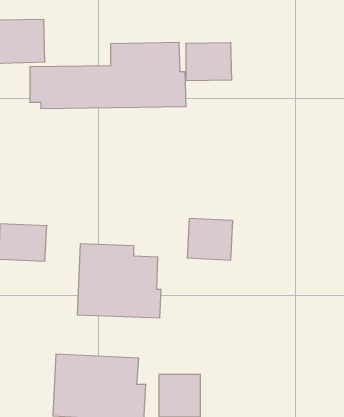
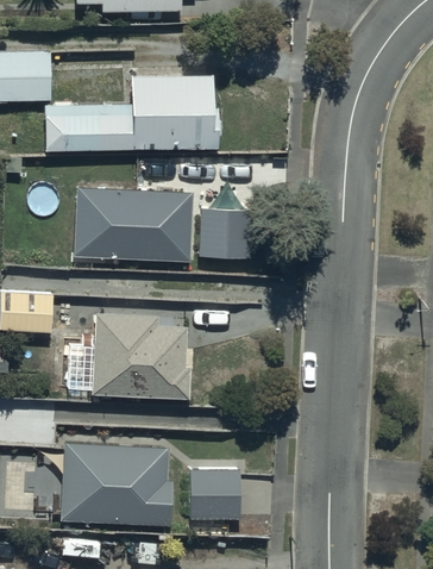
building: [186,42,232,81] -> none
building: none -> [73,181,193,256]
building: [187,219,233,260] -> [200,206,253,255]

